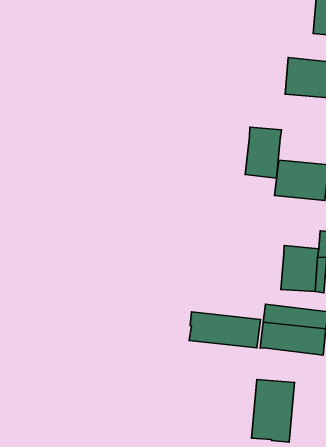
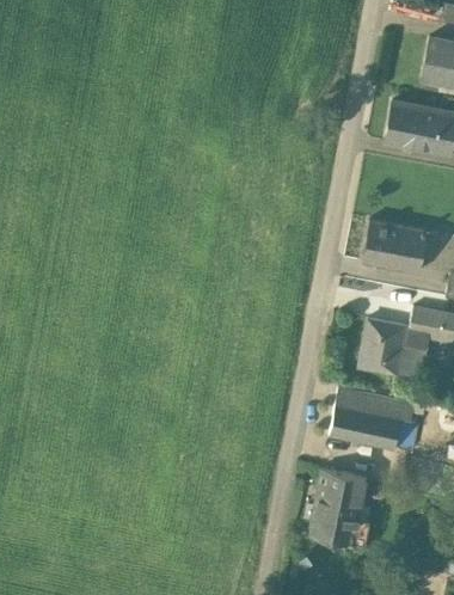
building: [245,127,281,178] -> none
building: [189,312,260,348] -> none

